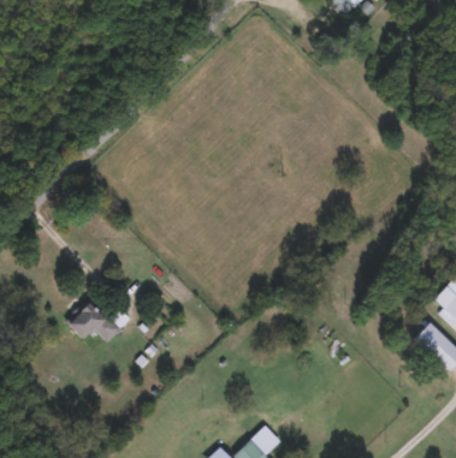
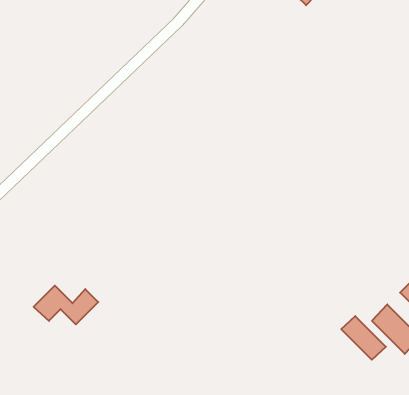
building: none -> [341,316,386,360]

